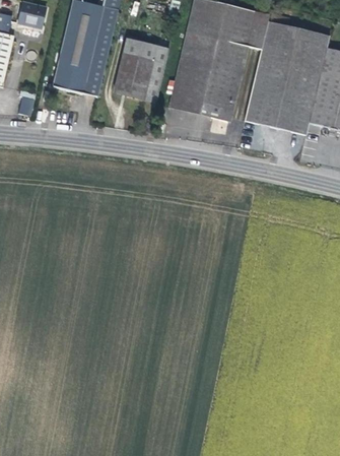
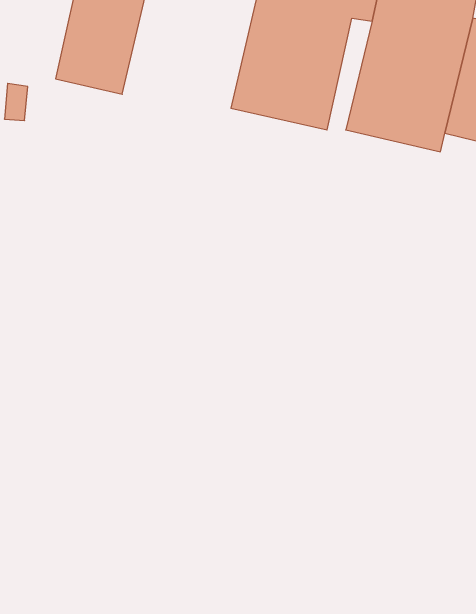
building: [116,40,169,103] -> none

